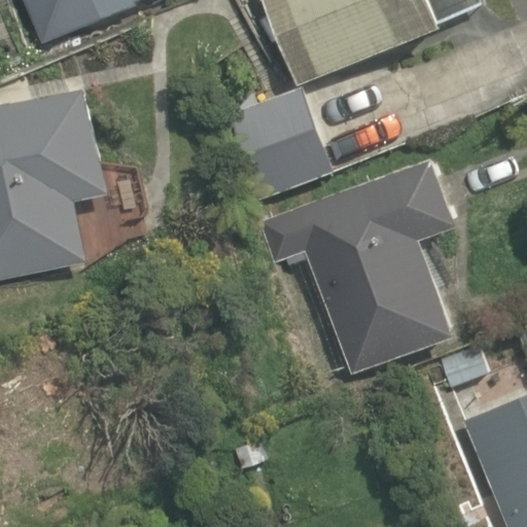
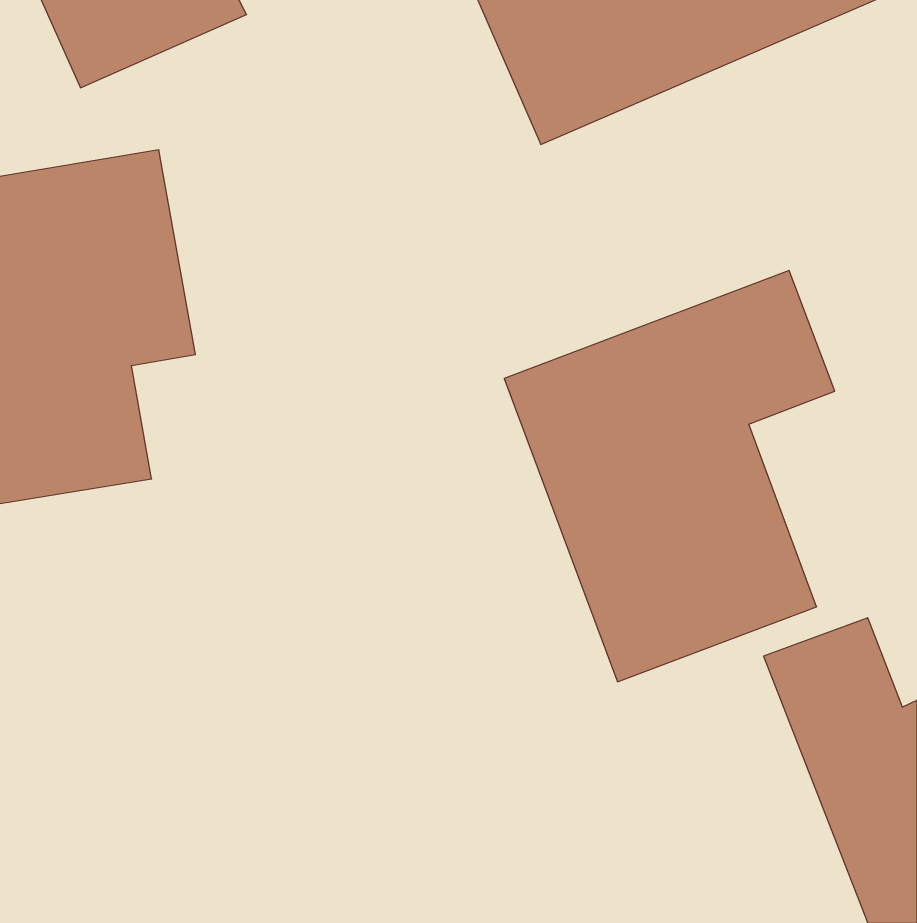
building: [219,74,329,196] -> none

